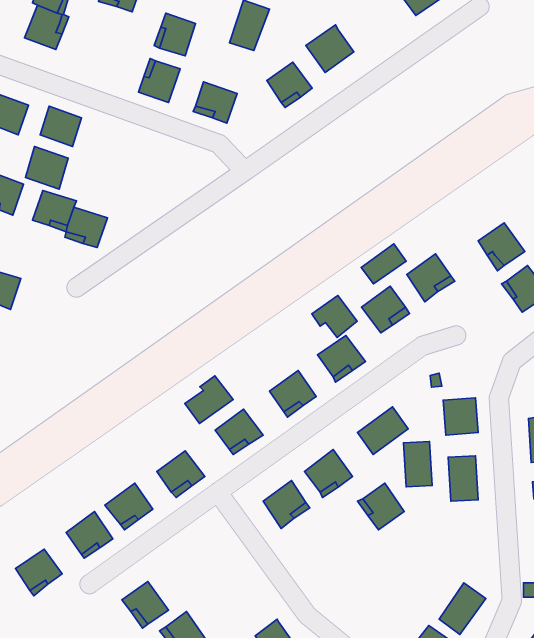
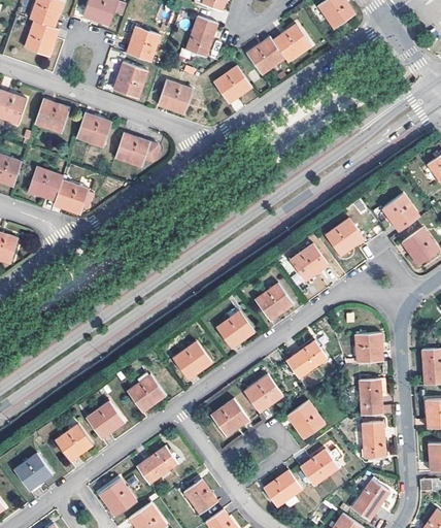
building: none -> [271,24,309,61]
building: [25,146,68,189] -> [76,112,110,146]
building: none -> [113,132,159,165]
building: [361,244,406,284] -> none
building: [312,296,357,337] -> none
building: [185,376,233,423] -> none
building: [404,441,432,487] -> [362,422,384,458]
building: none -> [137,446,177,483]
building: none -> [300,449,338,485]
building: none -> [263,470,301,506]
building: none -> [183,478,217,514]

